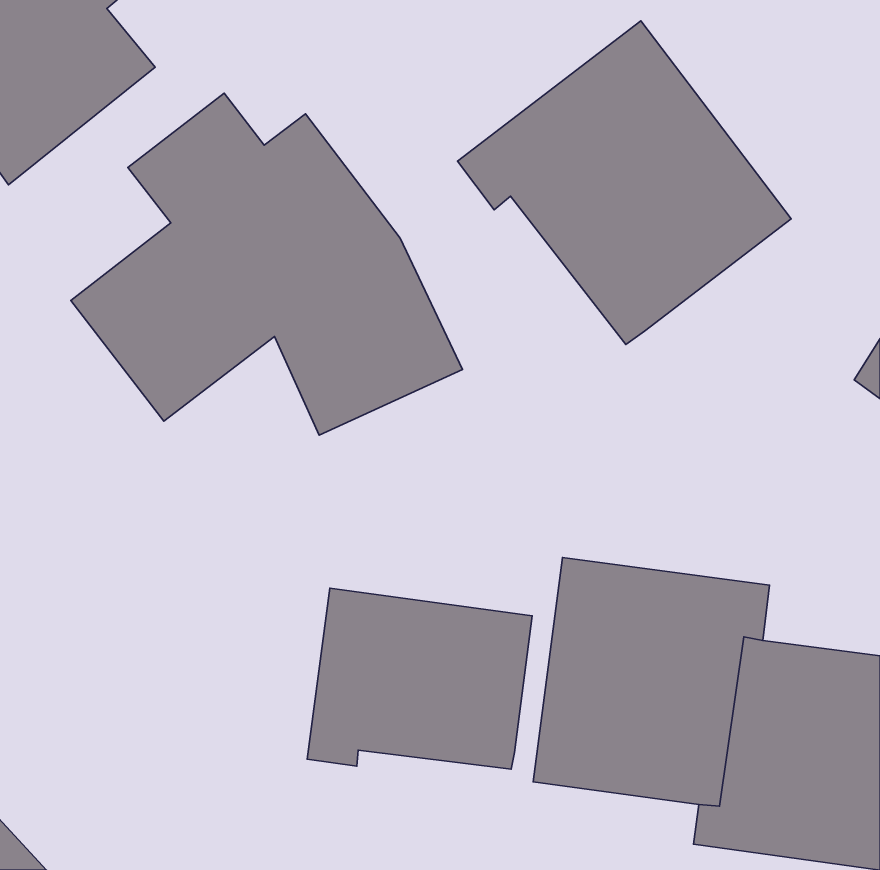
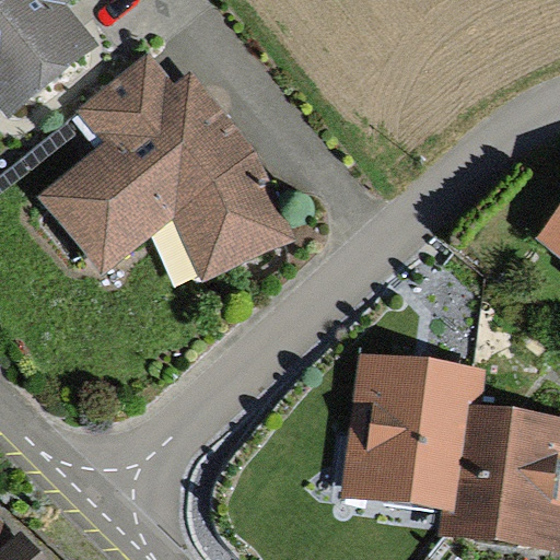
building: [457,21,791,344] -> none
building: [307,588,532,769] -> none

